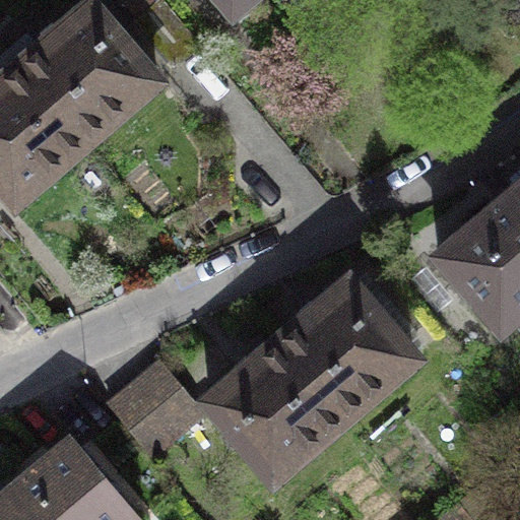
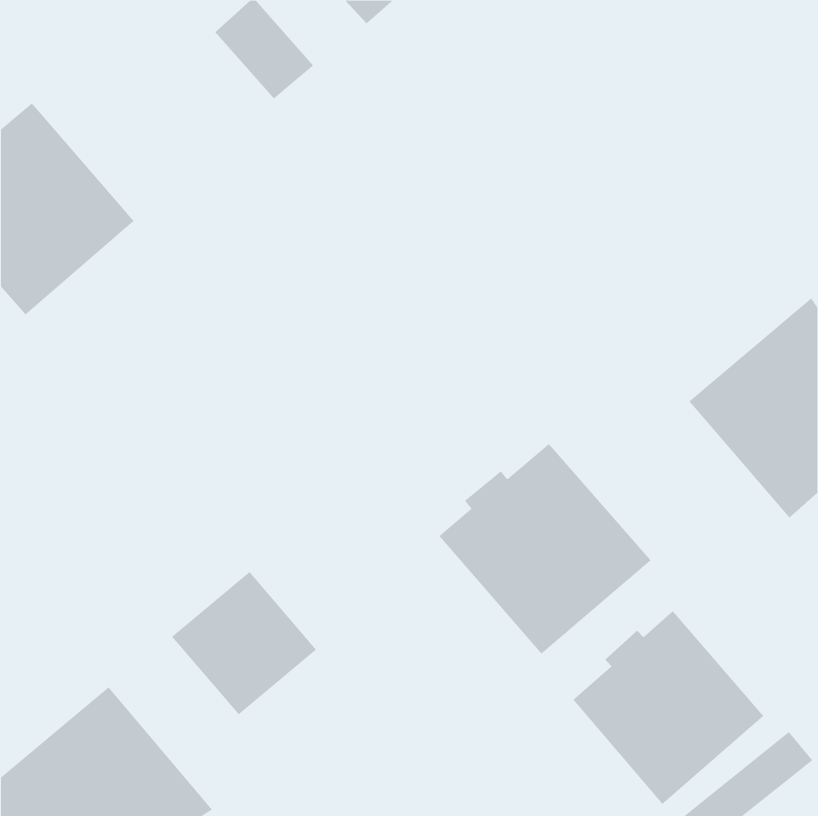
building: [20,6,154,141] -> none
building: [207,341,343,477] -> none
building: none -> [573,611,764,805]

